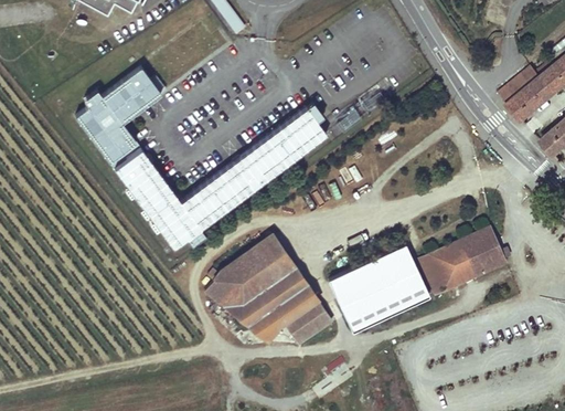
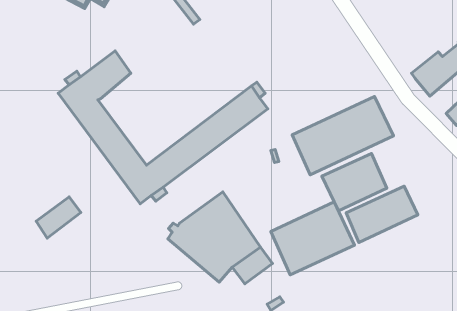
building: none -> [292,96,393,175]
building: none -> [322,153,387,211]
building: none -> [36,197,81,238]

